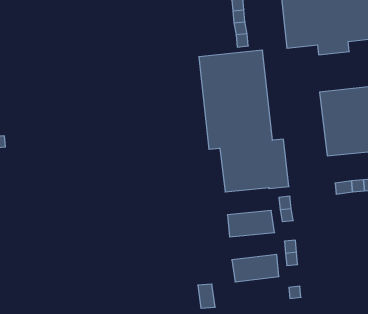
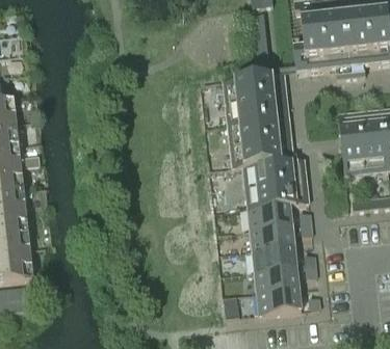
building: none -> [248,205,291,231]
building: none -> [252,247,296,273]
building: none -> [257,289,301,316]

